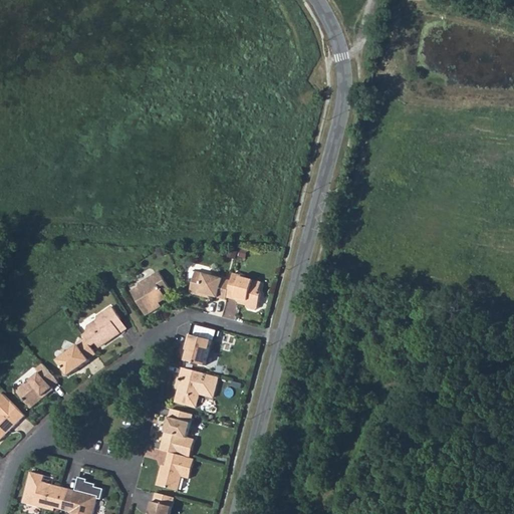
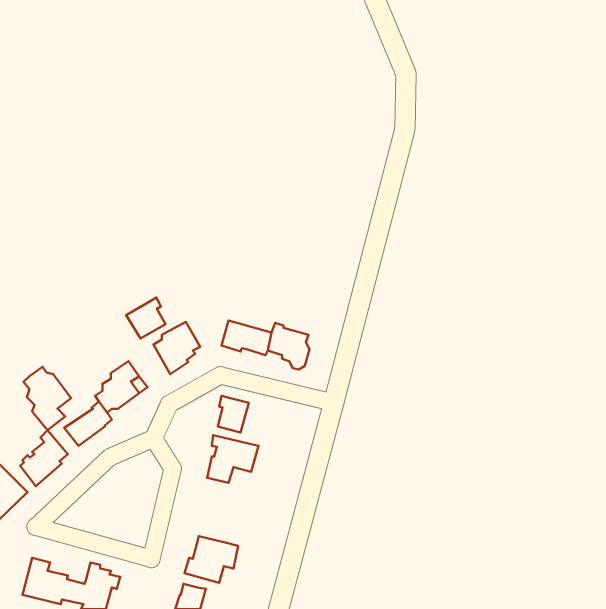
building: none -> [126,298,165,339]
building: none -> [23,367,71,430]
building: [159,408,193,457] -> none

